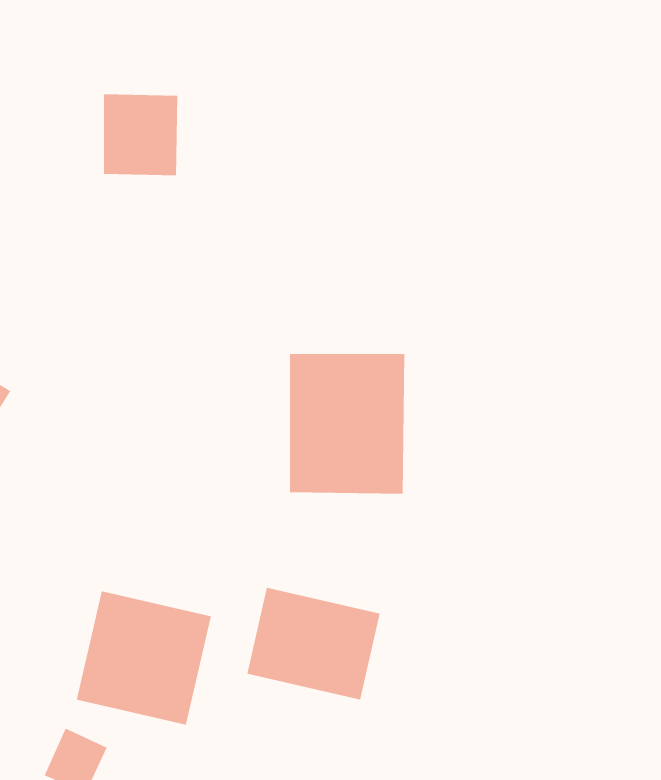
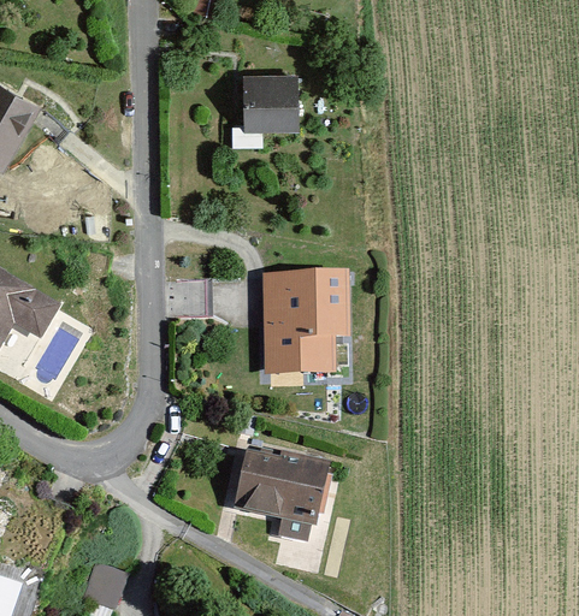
building: [103,94,178,176] -> [241,70,296,130]
building: [76,591,212,725] -> none

